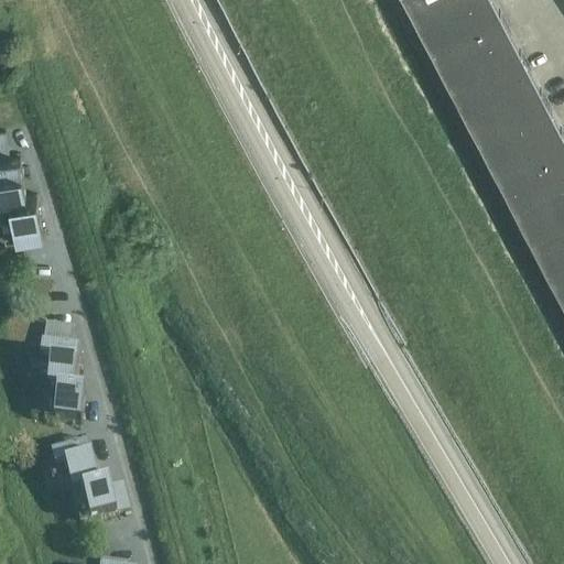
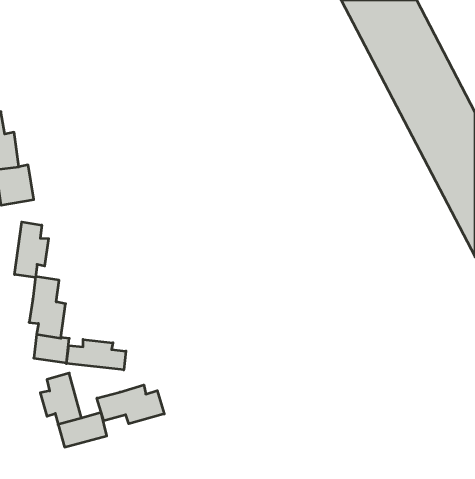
building: none -> [15,222,49,278]
building: none -> [66,339,126,370]
building: none -> [97,385,164,424]

